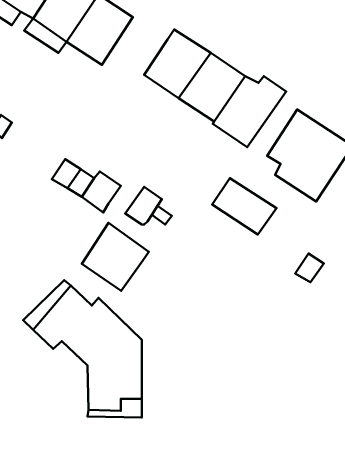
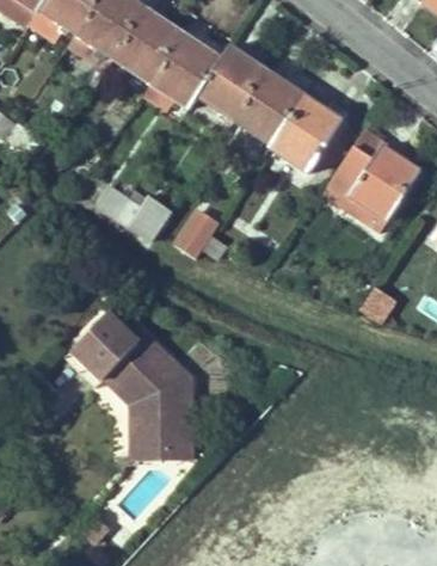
building: none -> [150,32,221,107]
building: [212,178,276,235] -> none
building: [82,223,149,291] -> none

